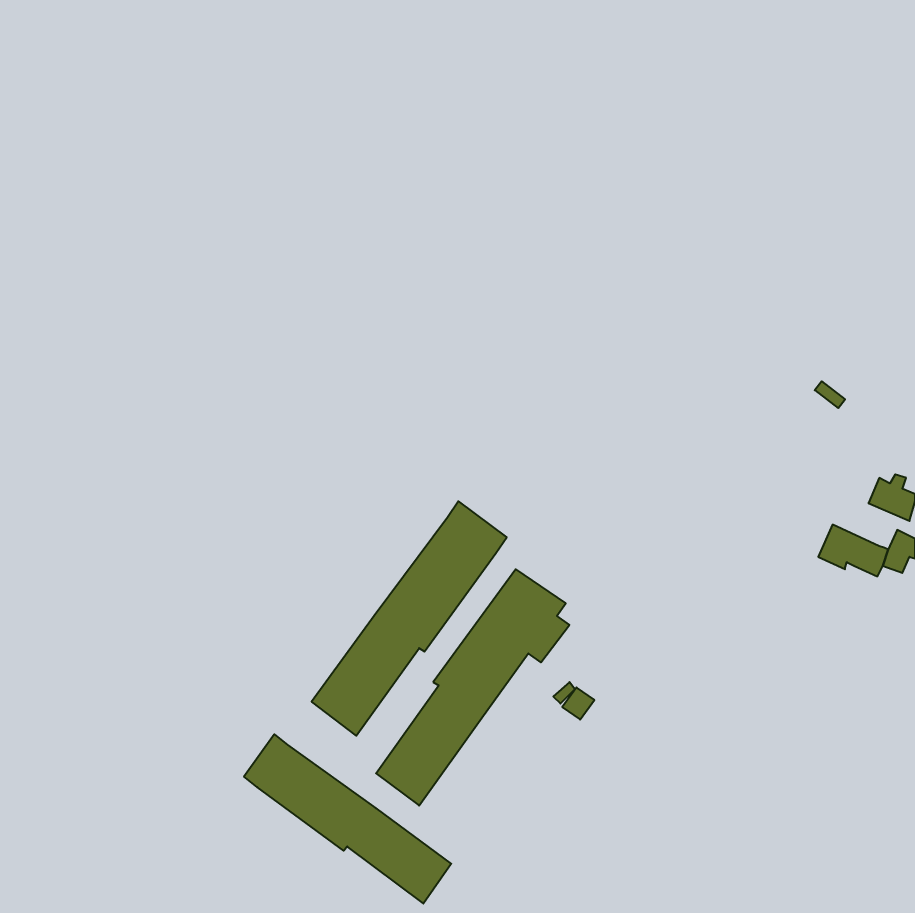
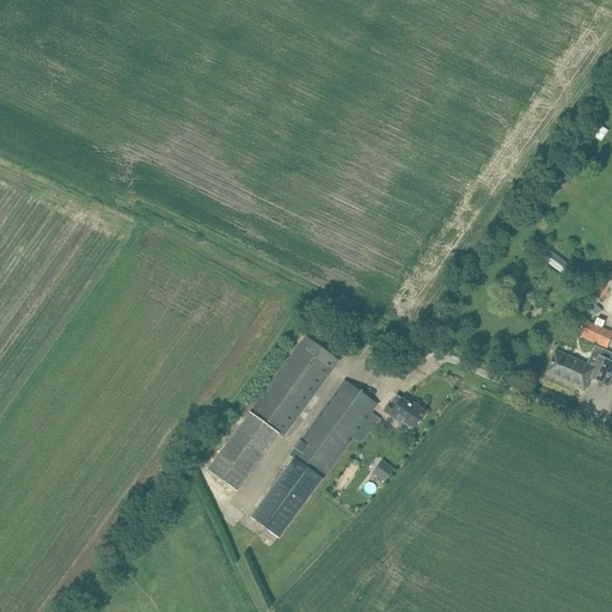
building: none -> [384,393,426,428]
building: [244,734,451,904] -> none

